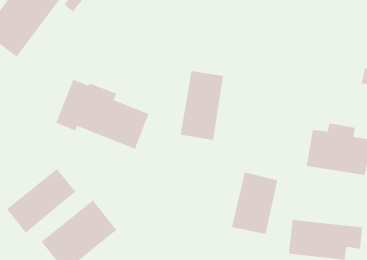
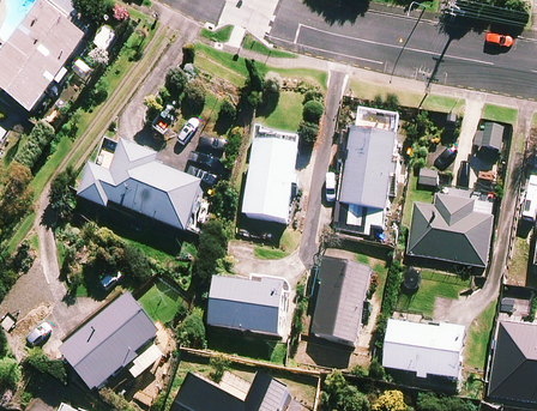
building: none -> [337,127,392,229]
building: [6,168,76,233] -> none
building: none -> [206,274,283,333]

